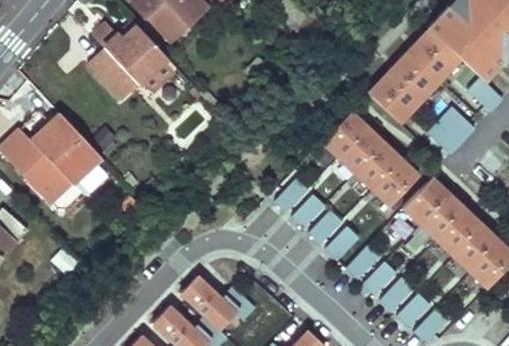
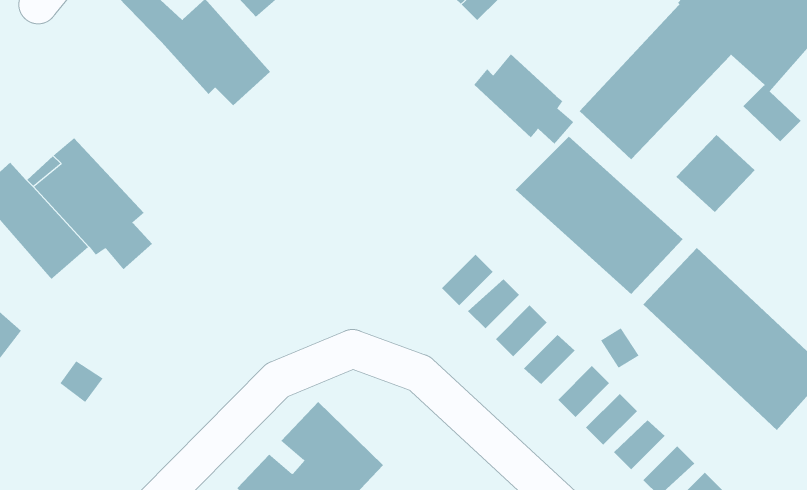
building: [96,53,139,100] -> none
building: none -> [473,54,574,144]

